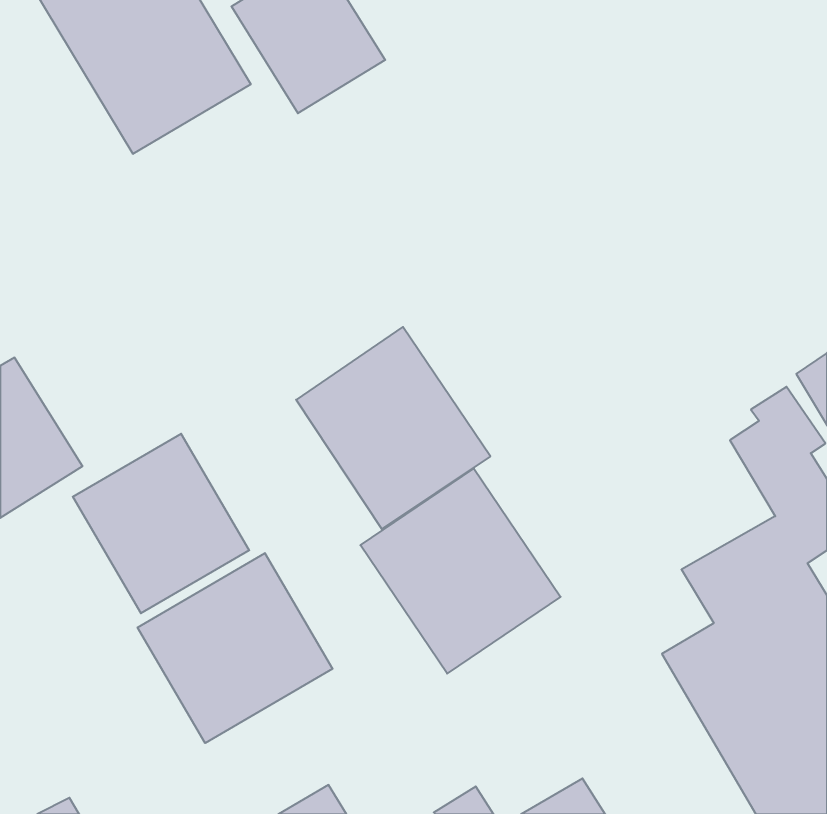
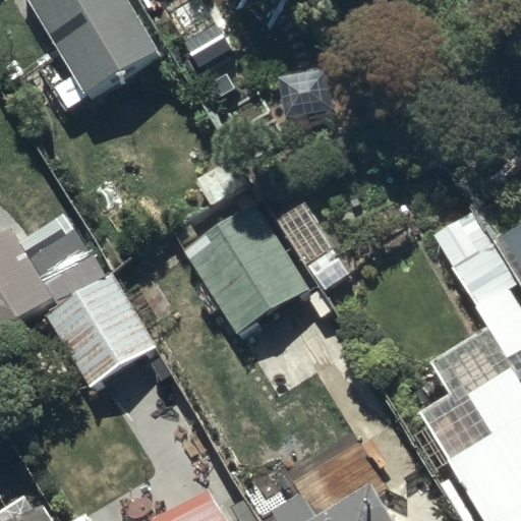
building: [360,468,561,674] -> none
building: [138,553,333,743] -> none

